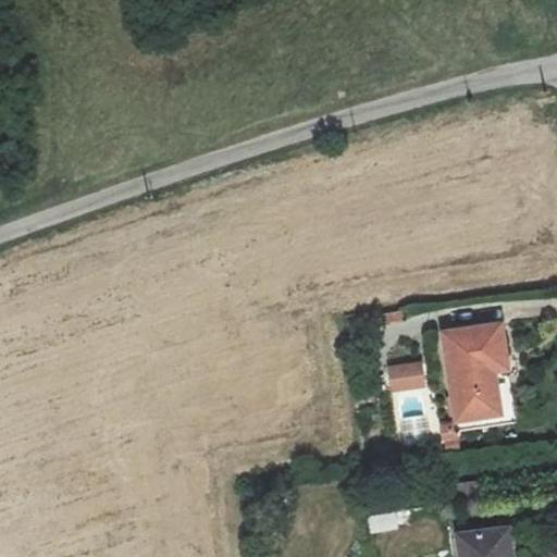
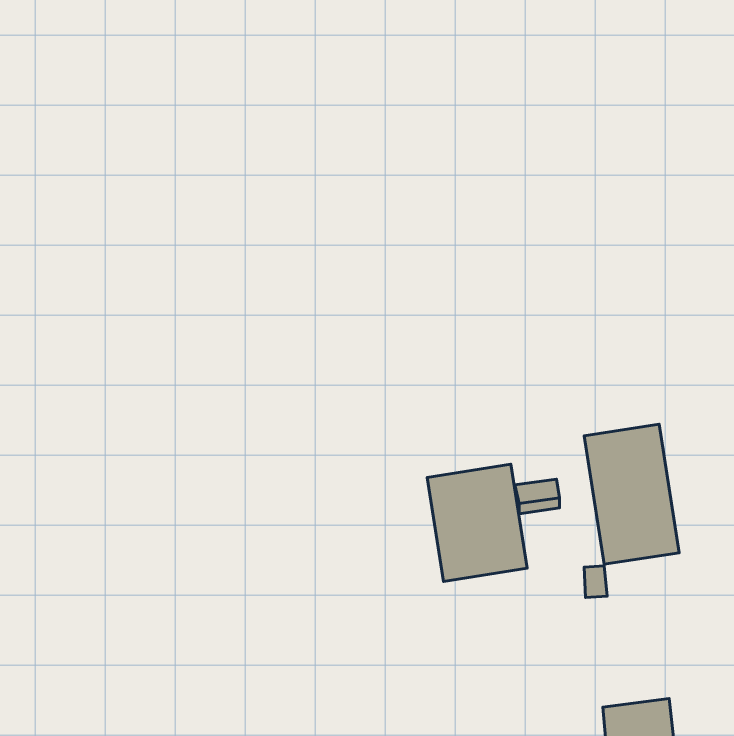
building: none -> [427,464,527,582]

